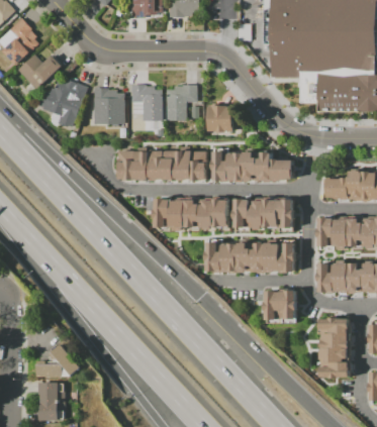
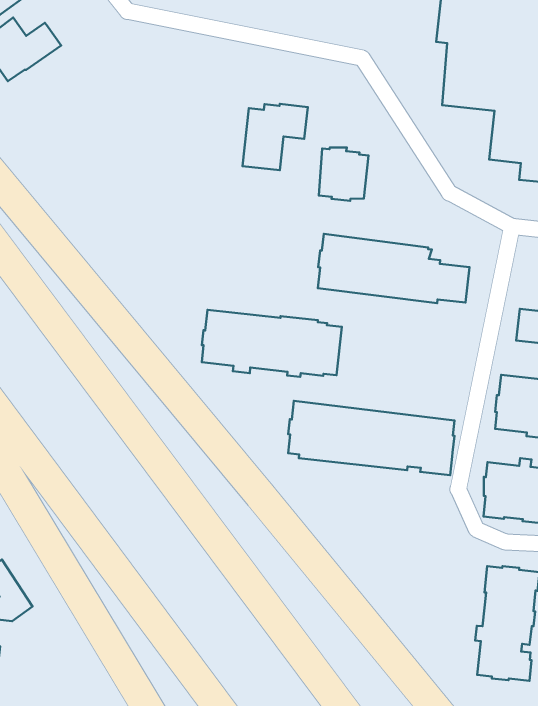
building: [40,79,88,127] -> none
building: [132,85,163,120] -> none
building: [94,88,125,124] -> none
building: [119,151,207,181] -> none
building: [234,199,295,228] -> none
building: [266,290,298,319] -> none

